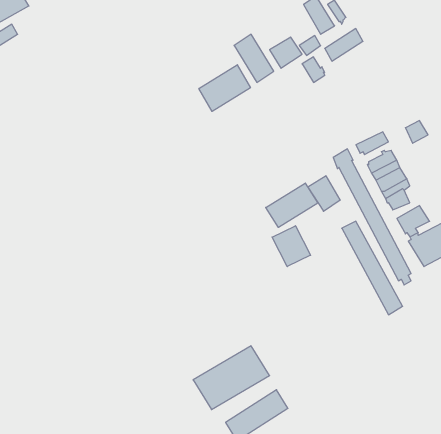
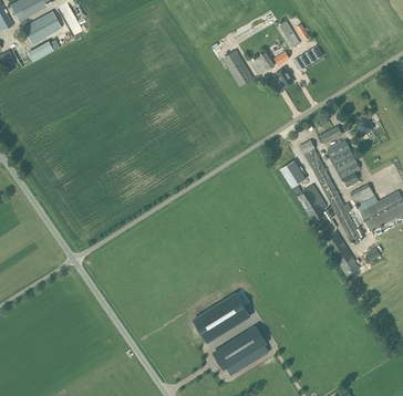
building: [199,65,250,111] -> none
building: [266,183,318,227] -> none
building: [272,226,311,267] -> none

